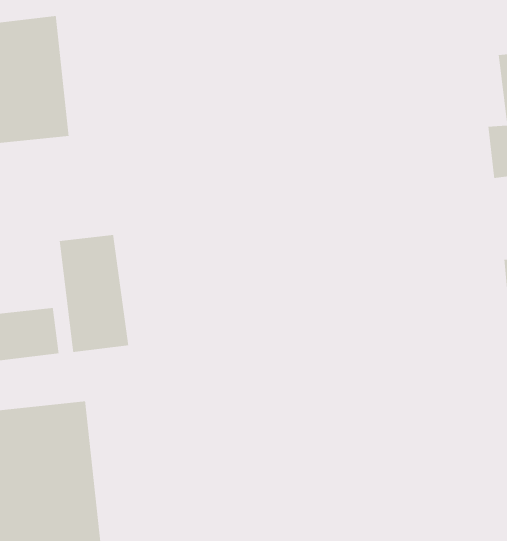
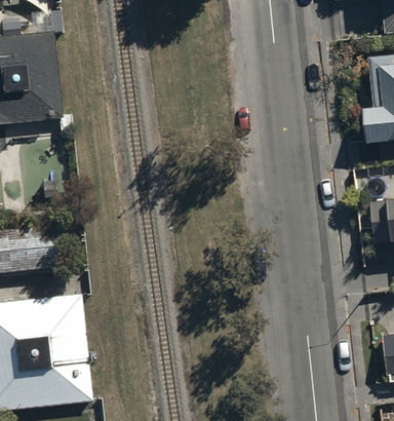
building: [59,234,129,353] -> none

